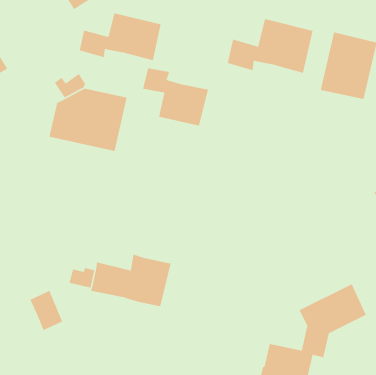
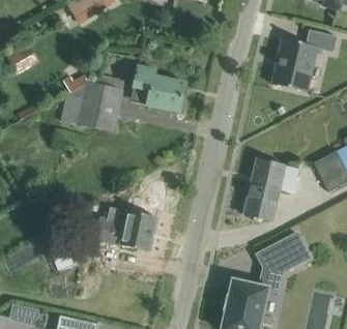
building: [79,12,162,61] -> none
building: [227,18,314,74] -> none
building: none -> [243,158,299,219]

